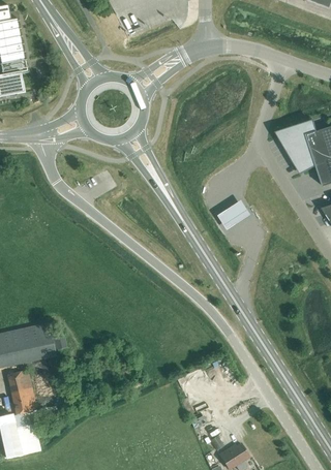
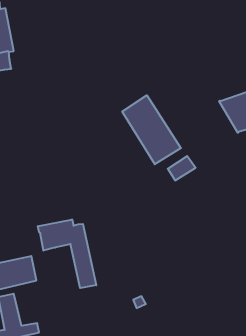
building: none -> [122,95,181,164]
building: none -> [38,219,96,288]

